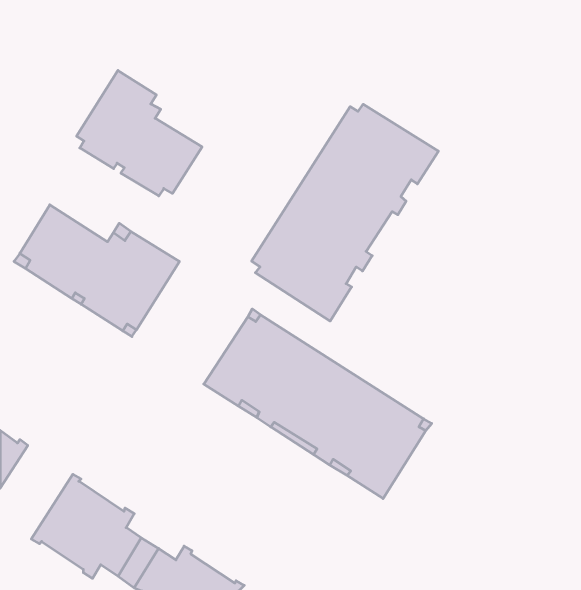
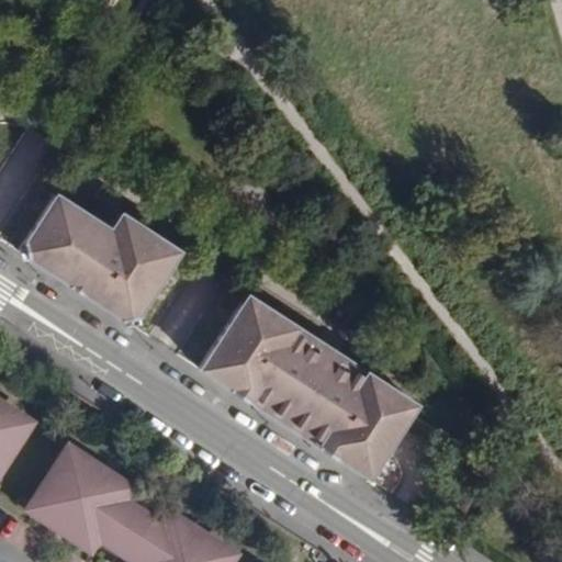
building: [77,70,202,196] -> none
building: [252,104,438,321] -> none

